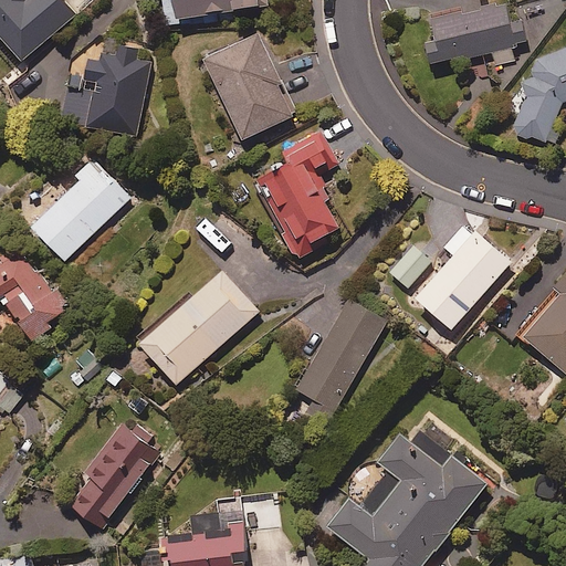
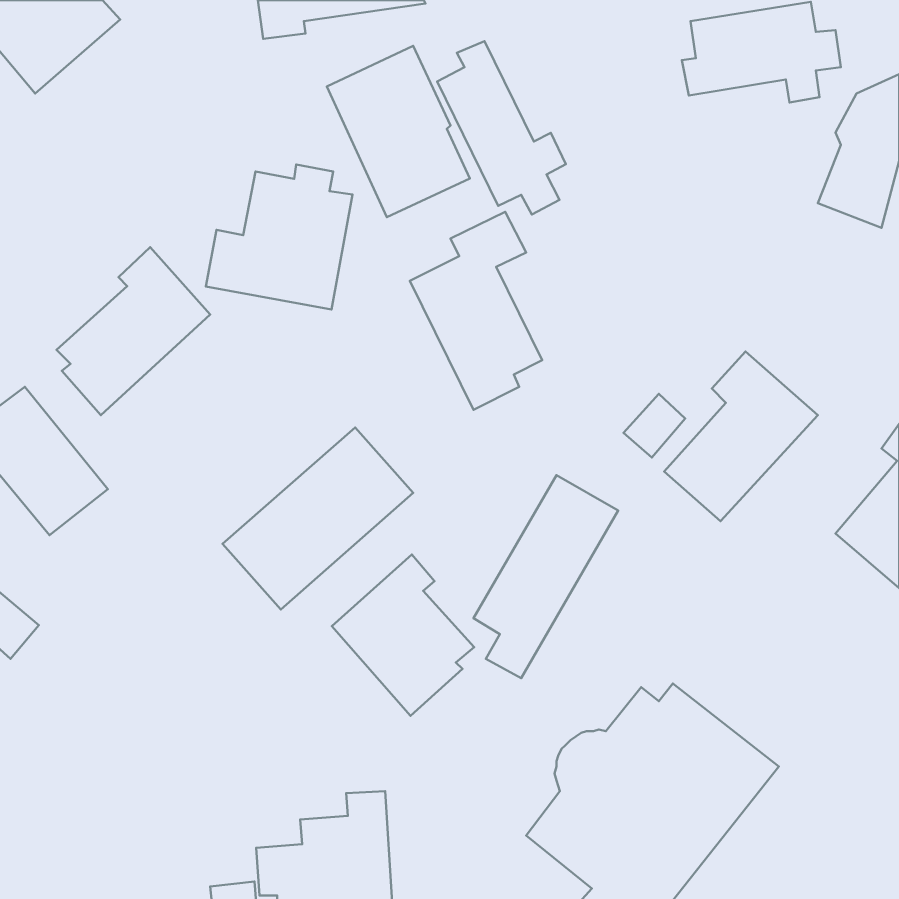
building: none -> [437,41,566,214]
building: [60,44,151,135] -> [206,165,353,309]
building: none -> [332,555,474,716]
building: [67,423,150,528] -> none

